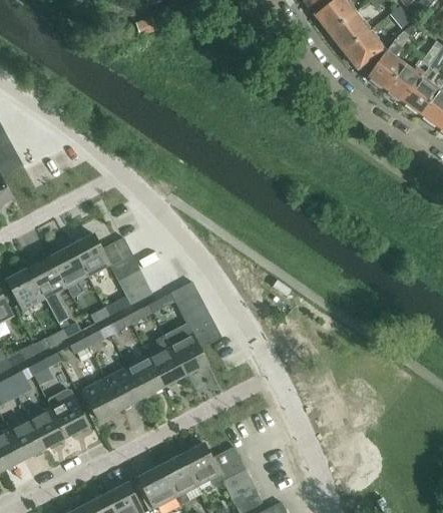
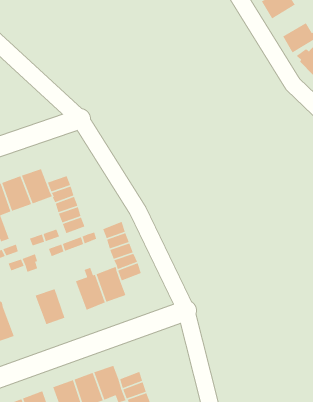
building: [330,12,369,50] -> none
building: [126,355,164,398] -> none
building: [82,377,121,420] -> none

